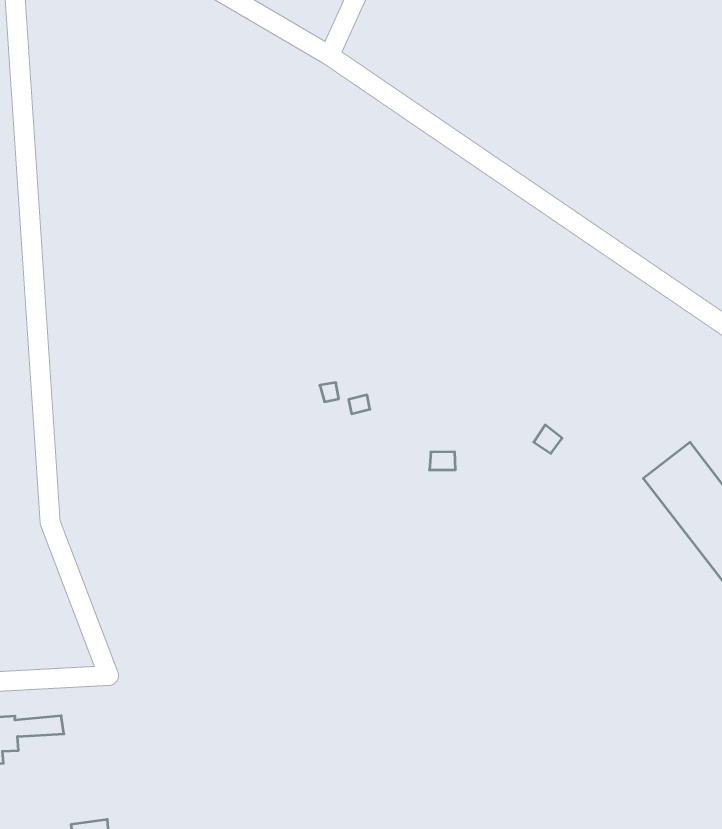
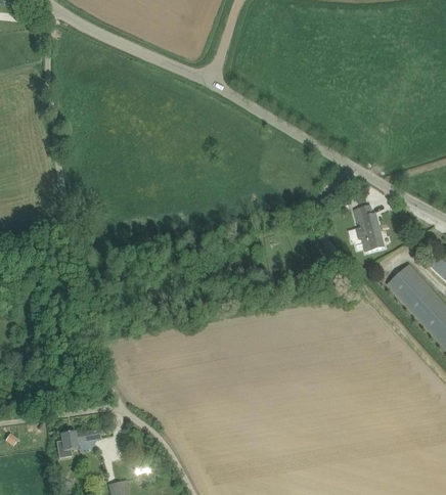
building: none -> [354,206,385,252]

